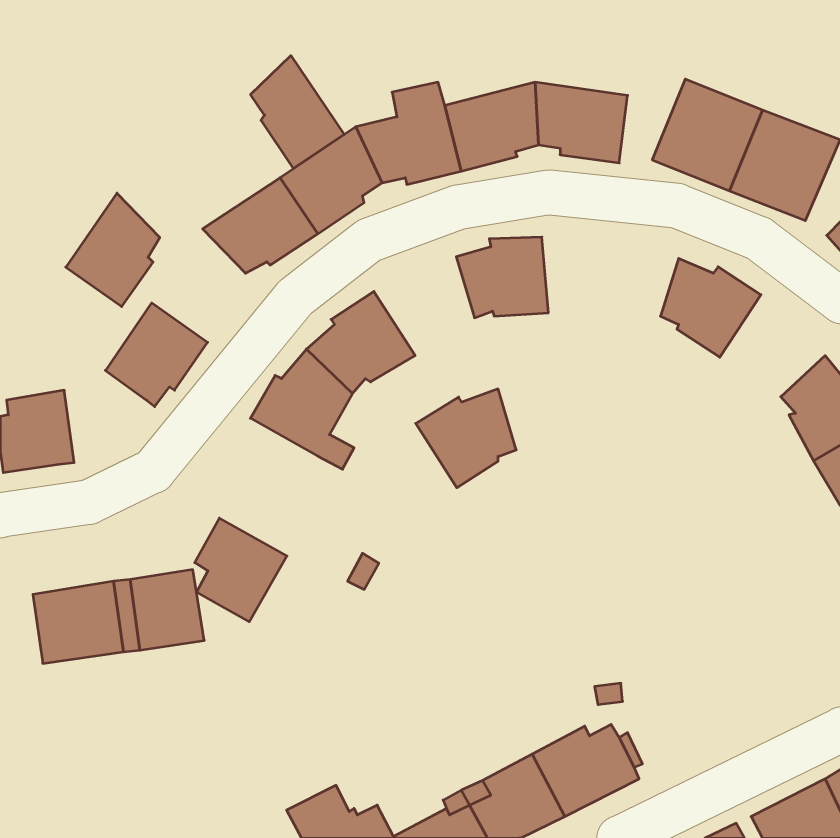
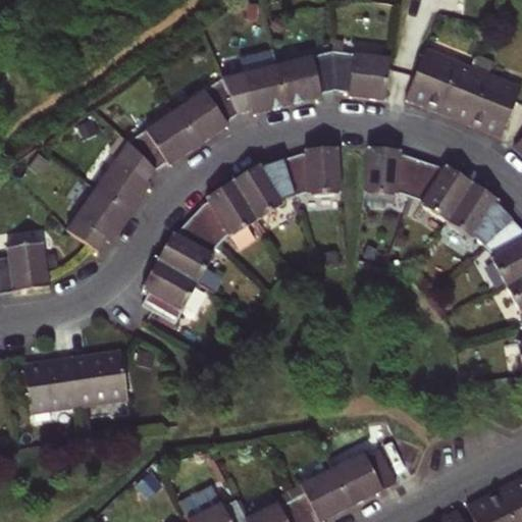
building: [251,56,344,169] -> none
building: [66,193,160,307] -> [95,142,153,212]
building: none -> [363,148,421,196]
building: none -> [447,182,512,246]
building: [416,389,516,488] -> [232,159,295,220]
building: [195,518,287,622] -> [141,259,198,323]

